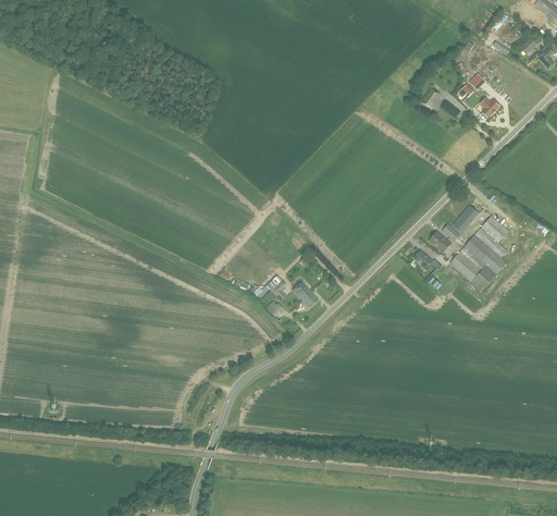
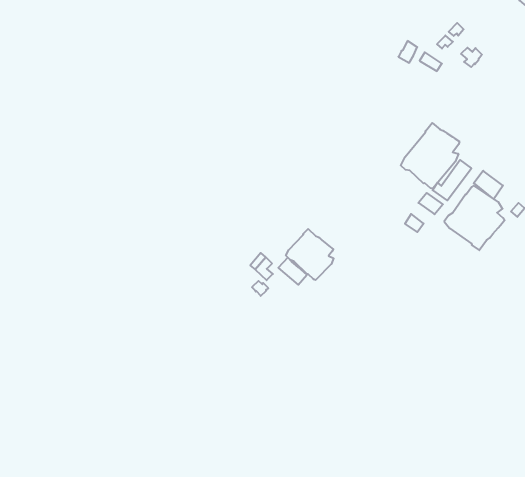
building: none -> [401,123,459,189]
building: none -> [286,229,334,280]

